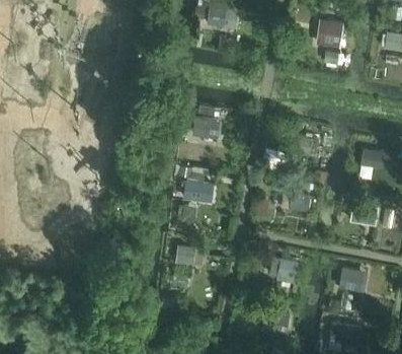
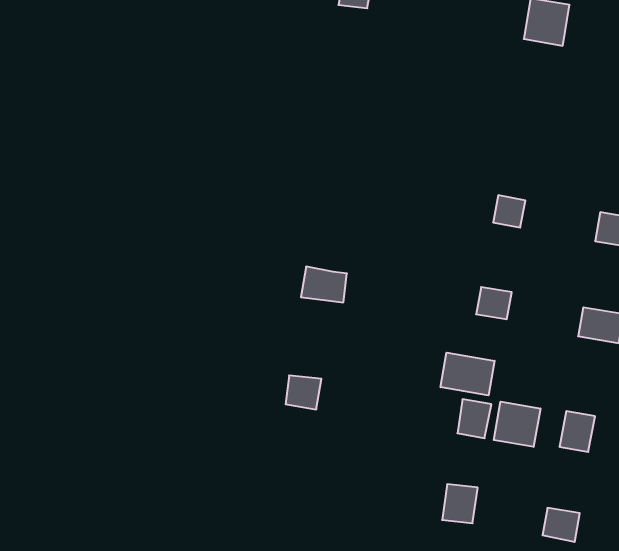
building: [193,116,222,138] -> none
building: none -> [441,353,495,395]
building: none -> [494,402,540,447]

